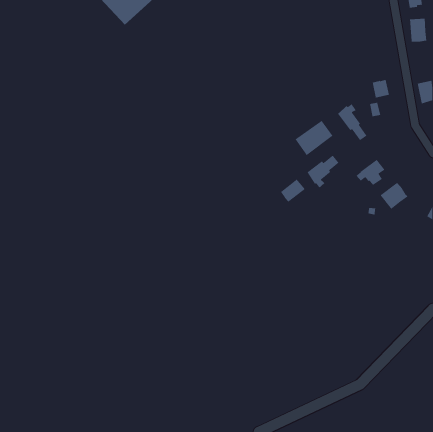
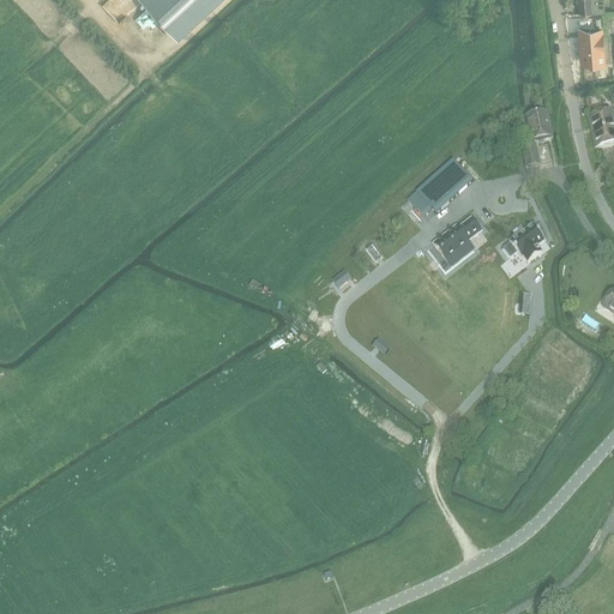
building: [337,103,367,141] -> none
building: [280,178,306,204] -> none
building: [380,180,409,210] -> none

